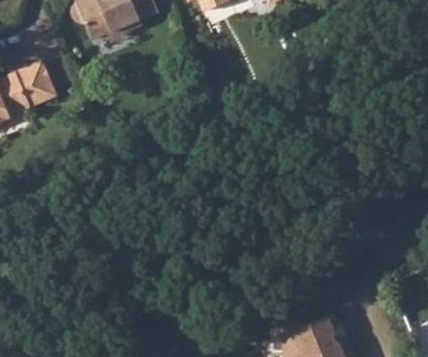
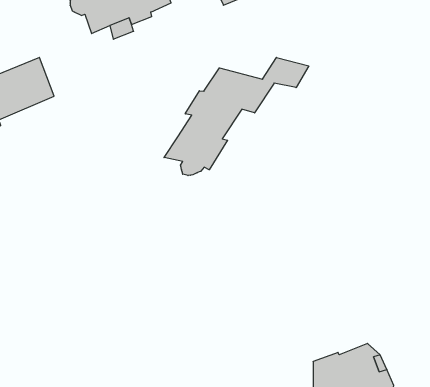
building: none -> [164,57,309,176]

